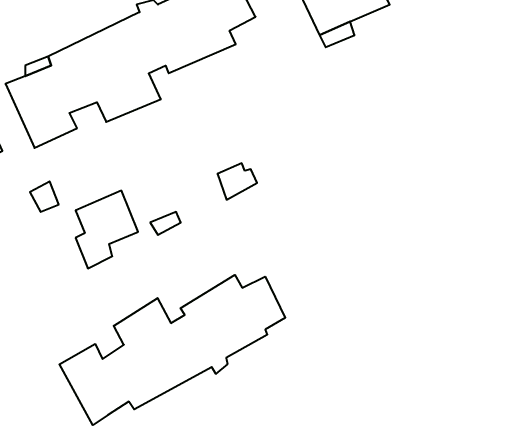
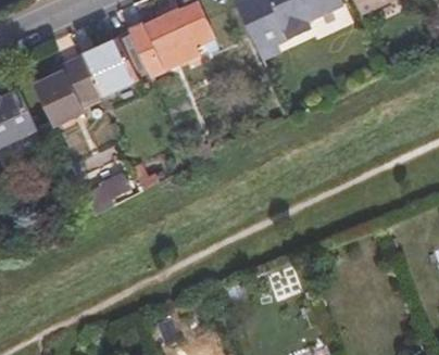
building: [59,275,285,425] -> none

